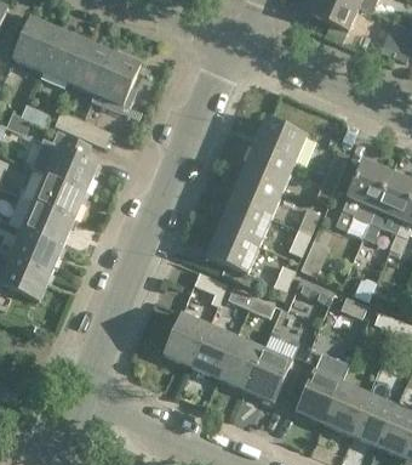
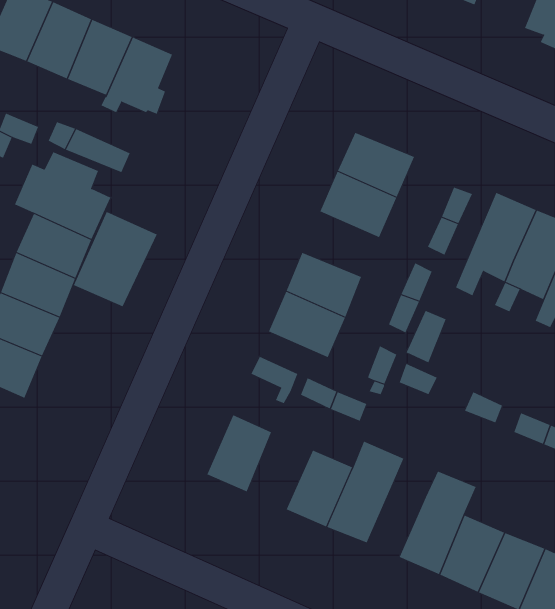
building: none -> [73,211,158,307]
building: [229,172,282,217] -> none
building: [191,324,236,378] -> none

